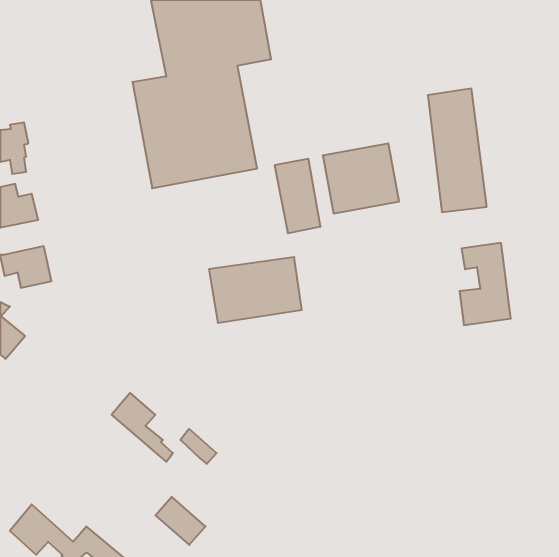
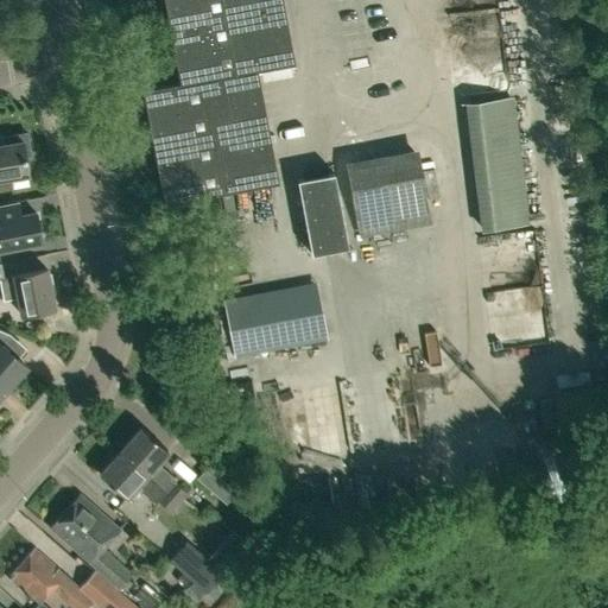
building: none -> [101,452,180,513]
building: none -> [53,496,129,585]

